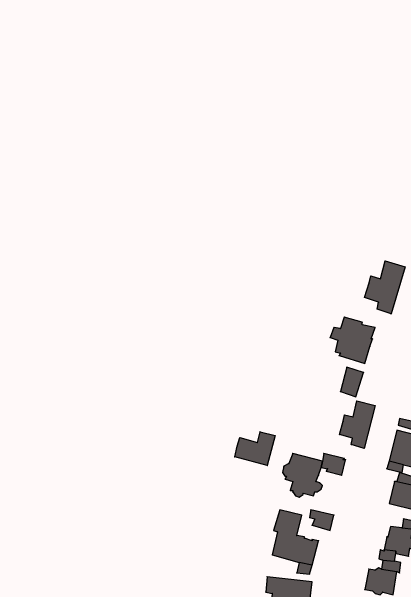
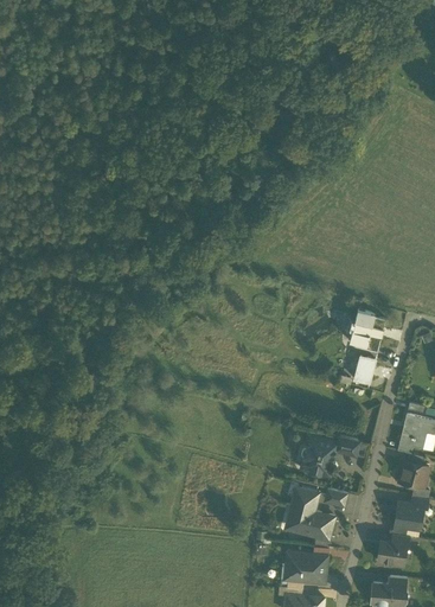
building: [365,261,405,314] -> none
building: [340,401,375,448] -> none
building: [235,432,275,466] -> none

